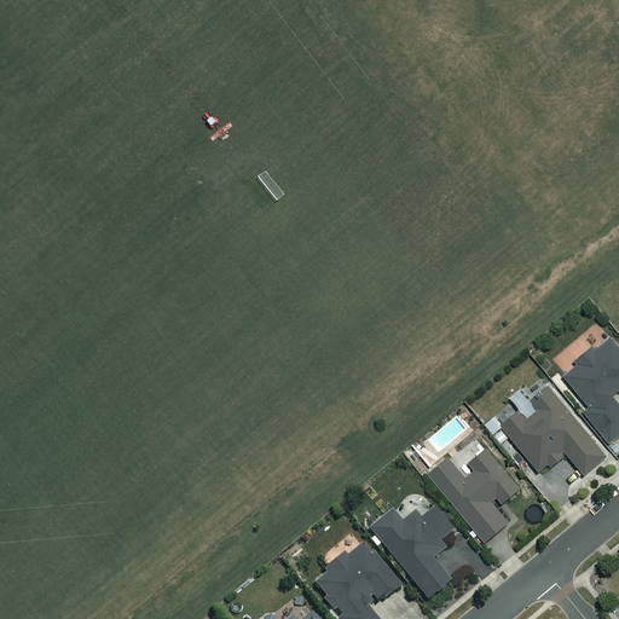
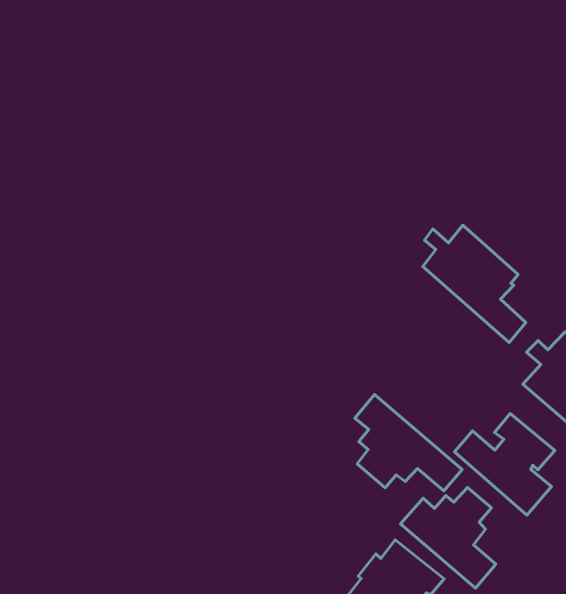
building: none -> [423,225,526,342]
building: none -> [355,394,462,491]

